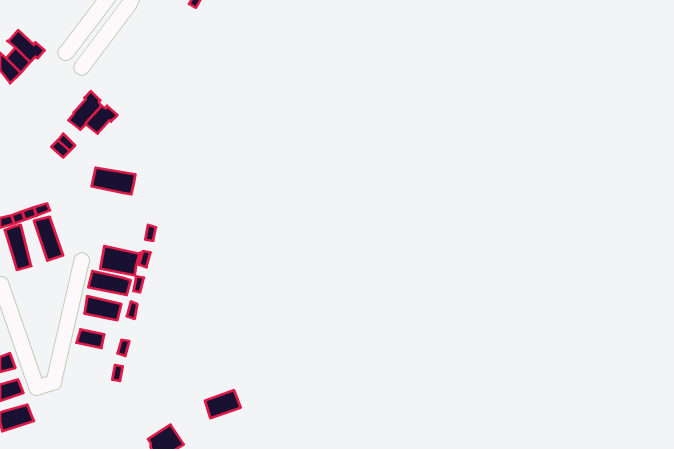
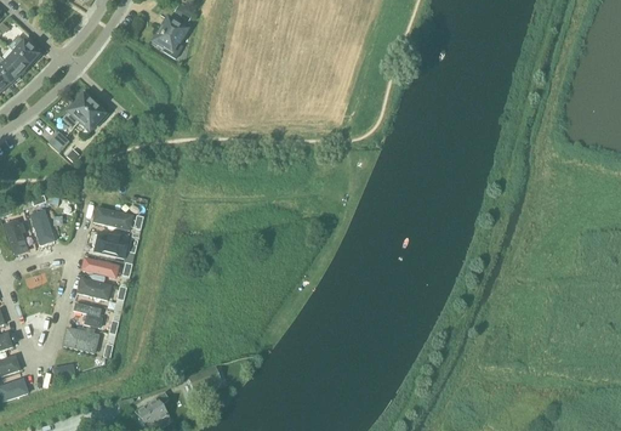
building: none -> [154,17,187,57]
building: [92,168,135,194] -> [93,208,133,232]
building: none -> [63,327,102,357]

